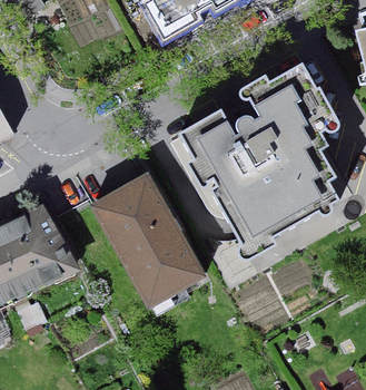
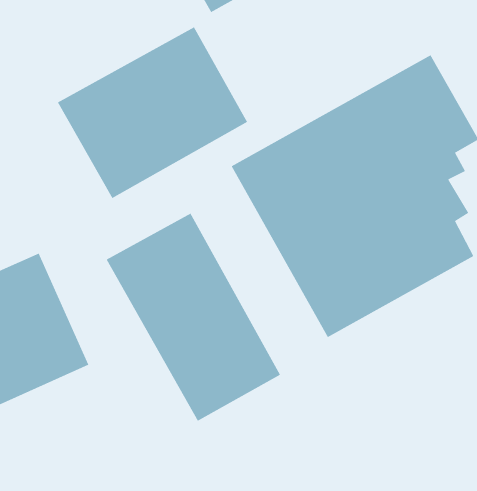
building: none -> [57,27,248,199]

